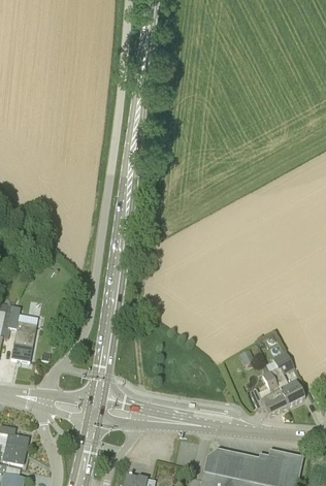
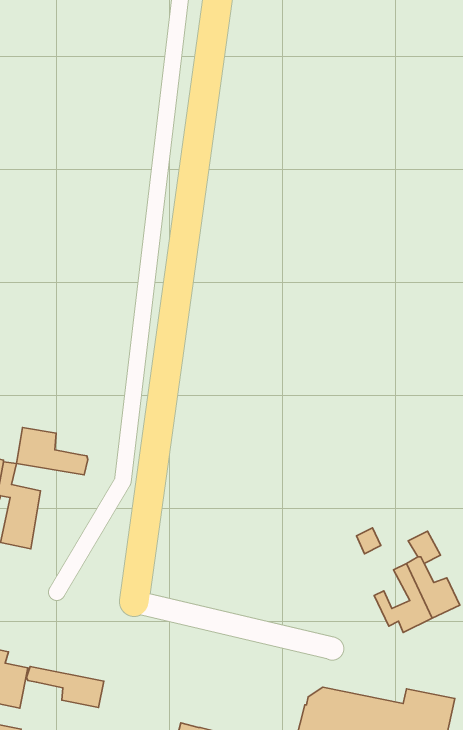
building: none -> [16,428,88,475]
building: none -> [27,667,104,707]

